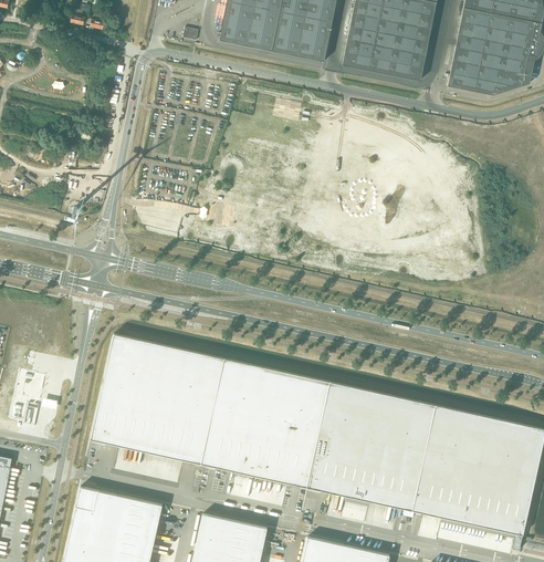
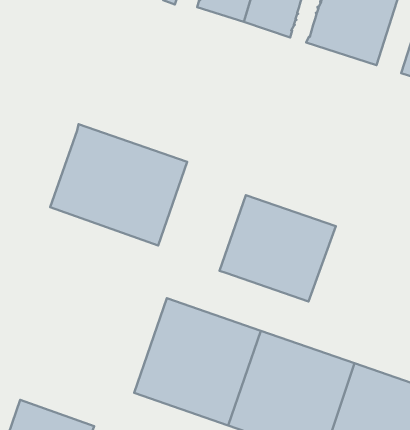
building: none -> [50,124,187,246]
building: none -> [219,195,336,302]
building: [91,334,224,465] -> none

